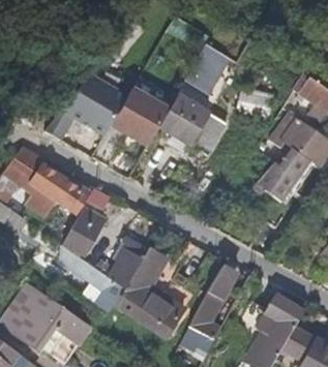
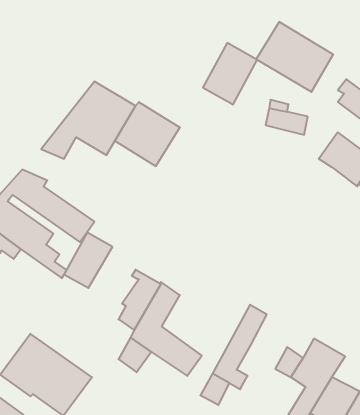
building: [161,95,228,155] -> [256,22,333,92]
building: [256,148,311,202] -> none
building: [78,259,124,312] -> none

